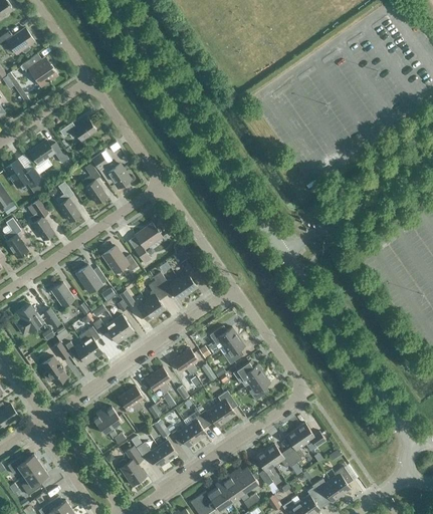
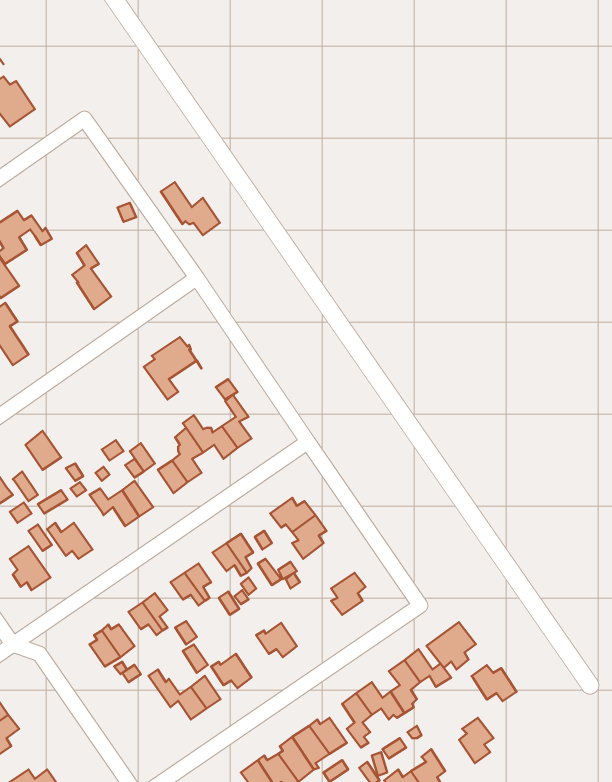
building: [59,119,95,141] -> none
building: [91,154,130,188] -> [161,182,220,235]
building: [55,182,79,222] -> none
building: [102,246,138,273] -> none
building: [75,265,106,293] -> none
building: [78,326,102,358] -> none
building: [232,362,263,387] -> none
building: [216,391,237,421] -> none
building: none -> [427,622,476,669]
building: [187,409,208,441] -> none
building: [119,447,146,486] -> none
building: [311,479,341,502] -> [471,665,517,701]

